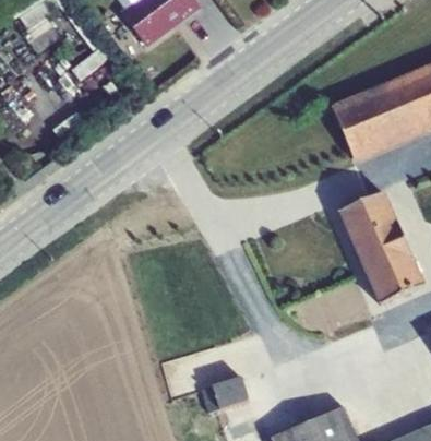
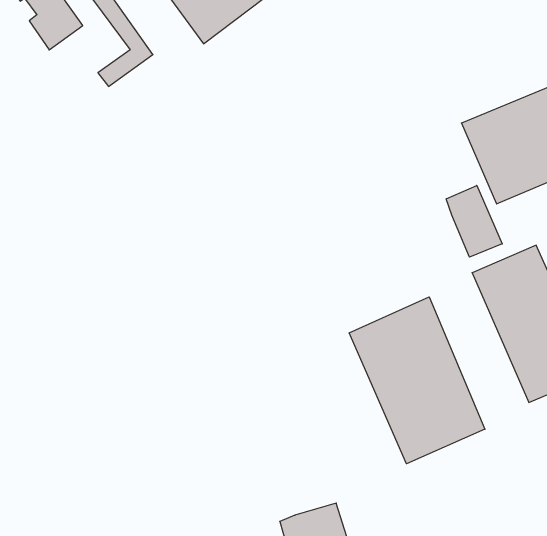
building: none -> [446,185,502,257]
building: none -> [349,297,485,464]

